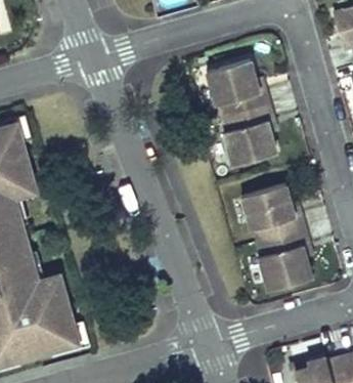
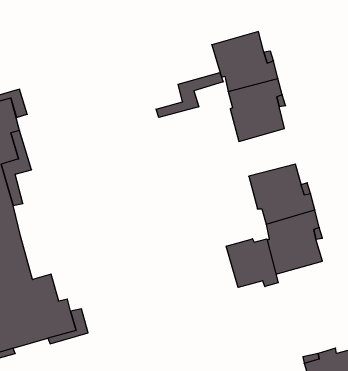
building: none -> [156,73,223,117]
building: [27,251,71,314] -> none
building: none -> [226,239,278,287]

